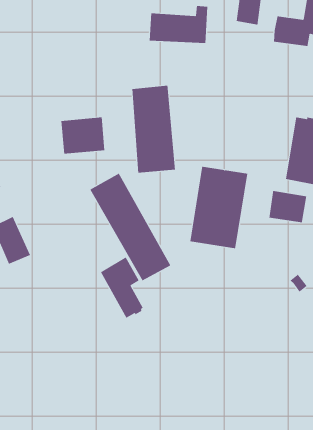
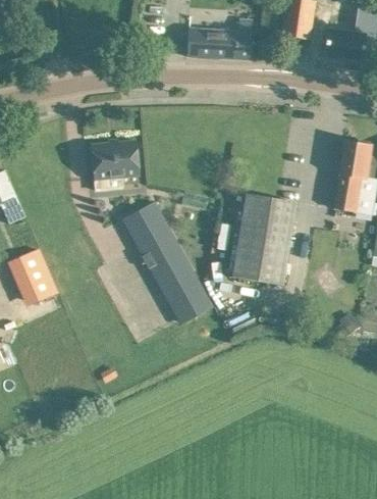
building: [132,85,176,174] -> none
building: [269,190,307,223] -> none
building: [100,257,143,318] -> none

